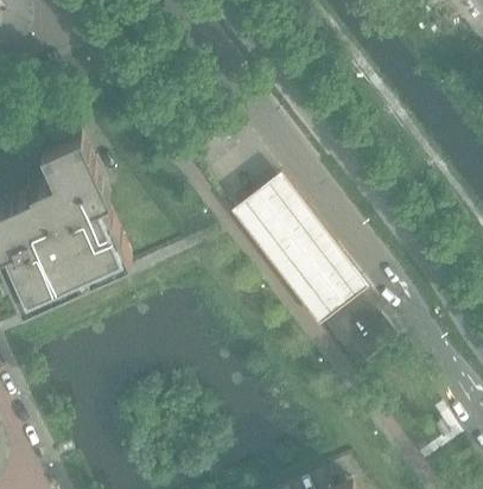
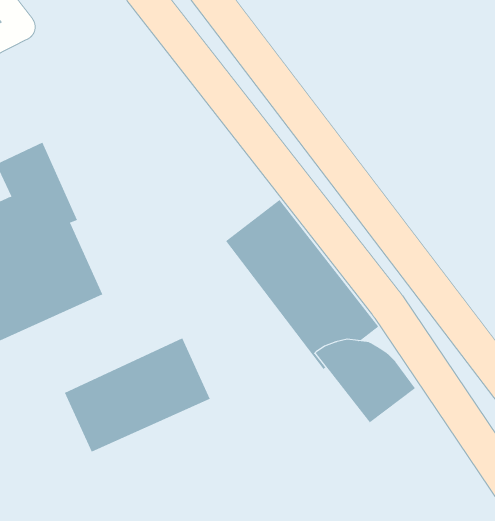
building: none -> [64,337,210,452]

